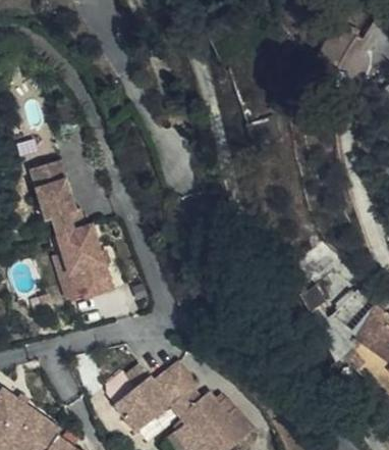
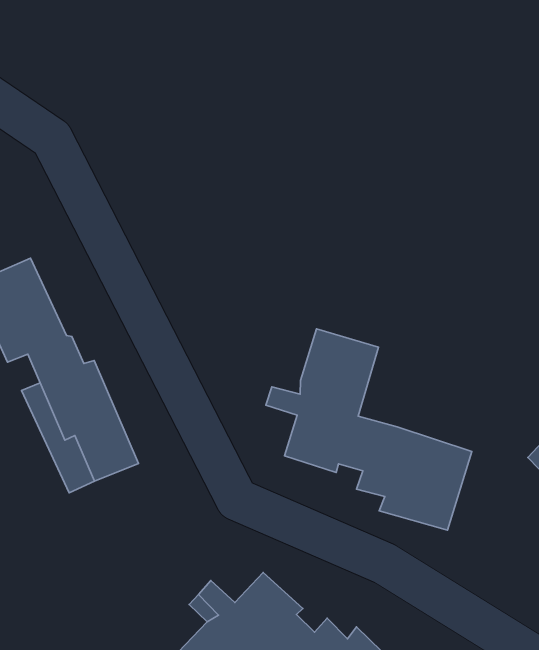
building: none -> [266,329,472,530]

